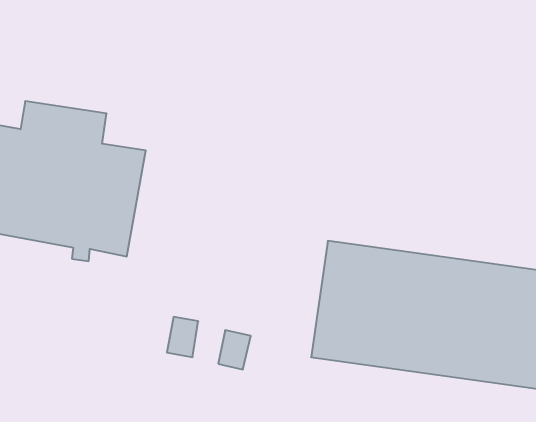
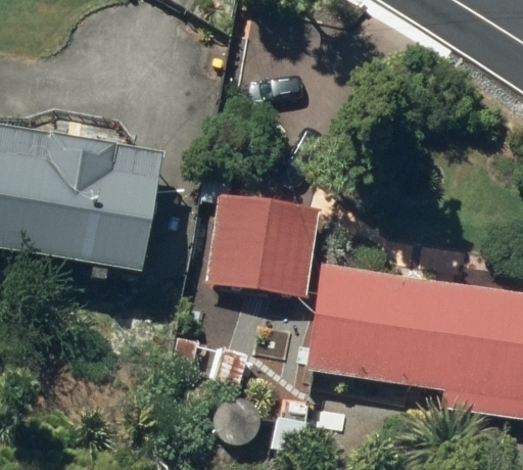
building: none -> [205,190,322,295]

